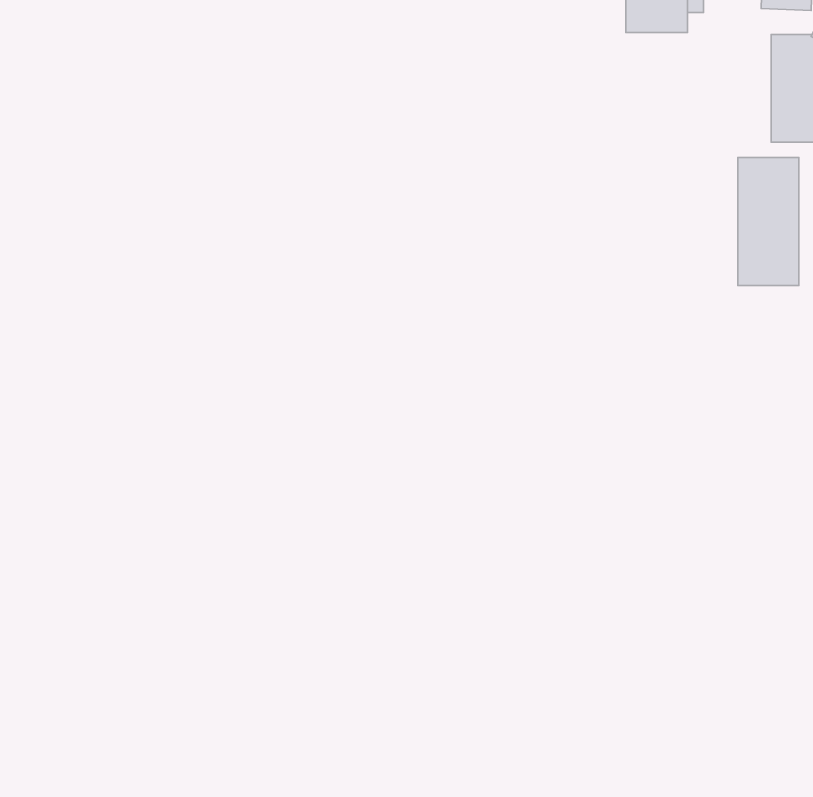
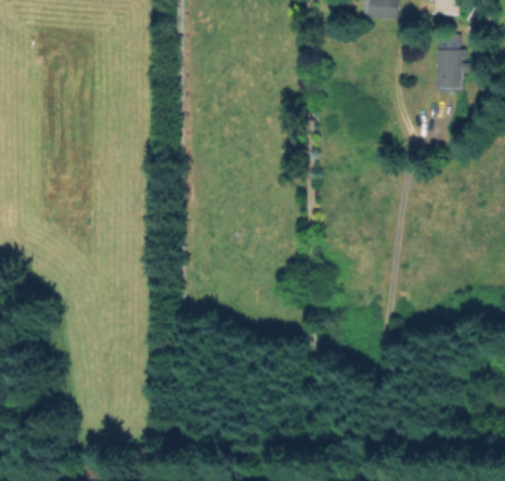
building: [738,157,799,285] -> none

